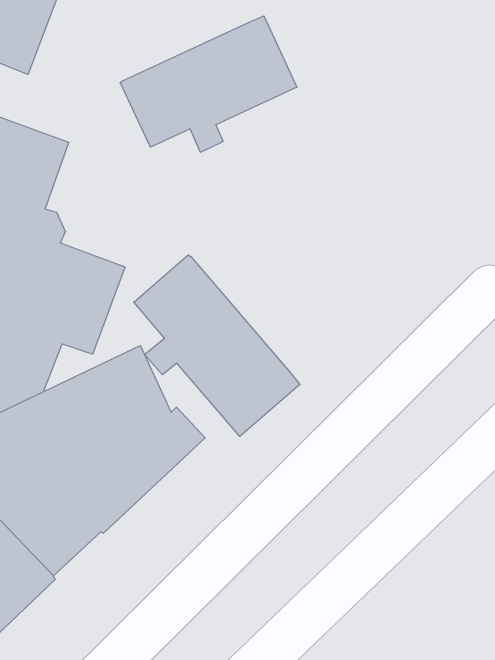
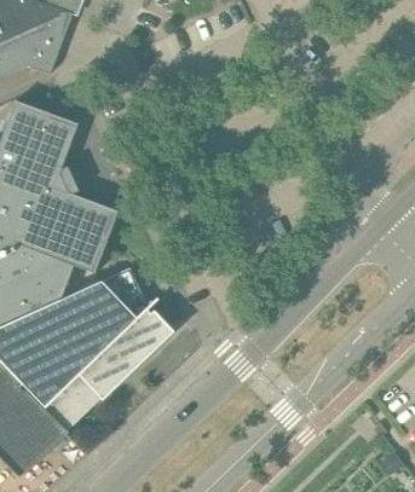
building: [120,16,297,152] -> none
building: [134,255,300,436] -> none

